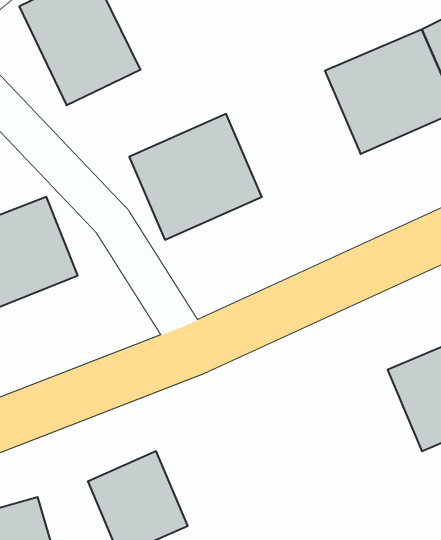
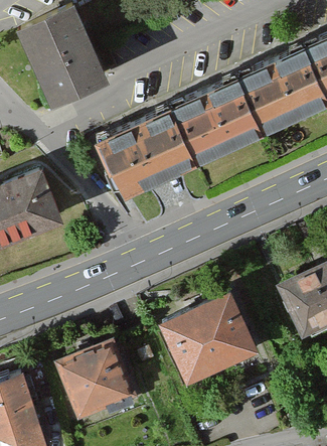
building: none -> [162,77,257,165]
building: none -> [158,292,257,389]

